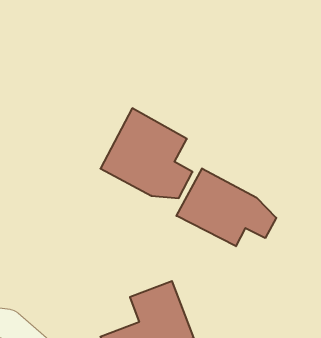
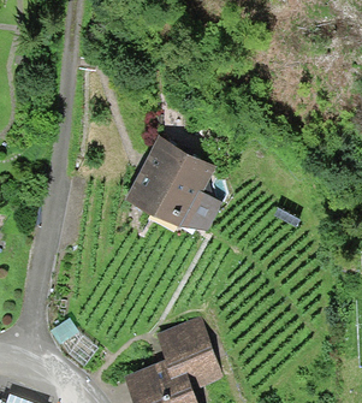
building: [176,168,276,246] -> none

